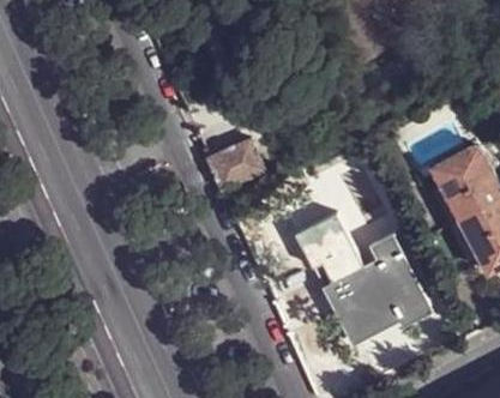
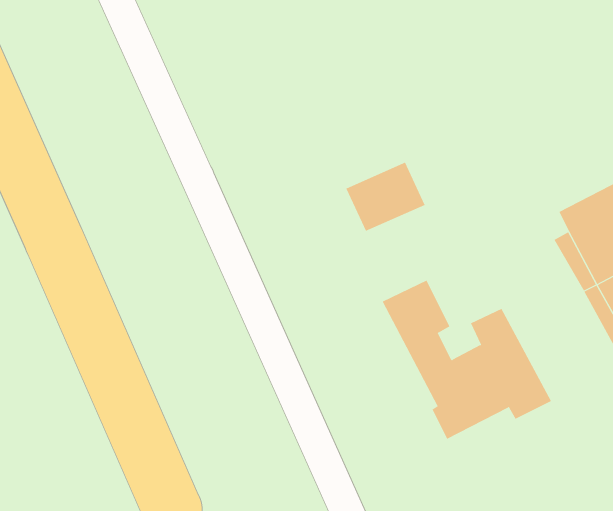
building: [207,140,265,191] -> [346,162,426,232]
building: [296,229,434,344] -> none

